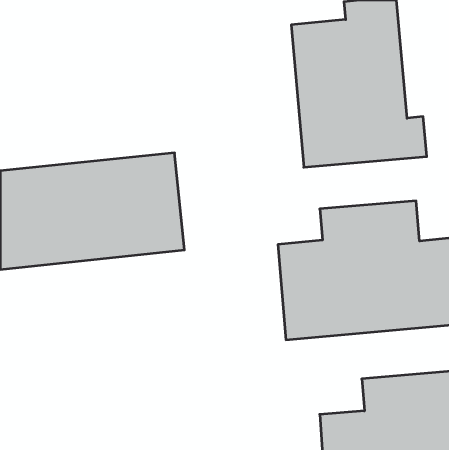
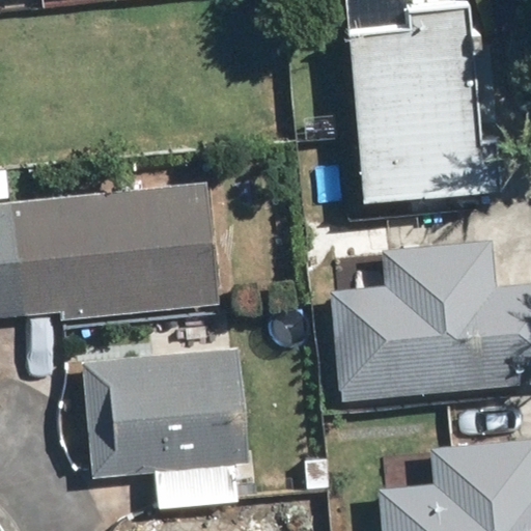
building: none -> [81,350,249,509]

